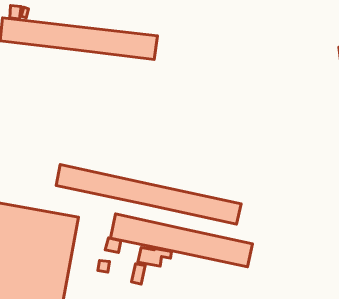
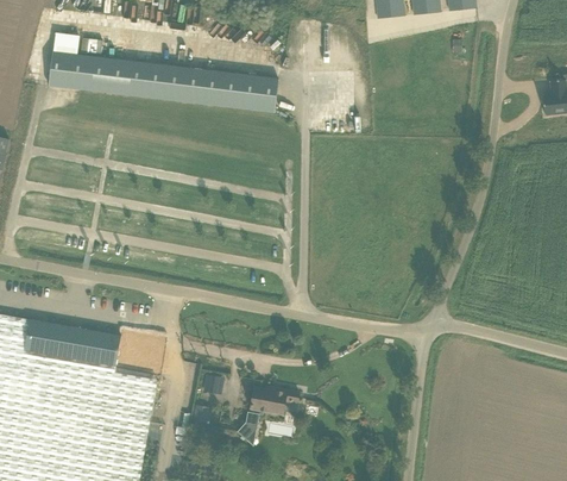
building: [56,165,241,224] -> none
building: [111,214,253,267] -> none

